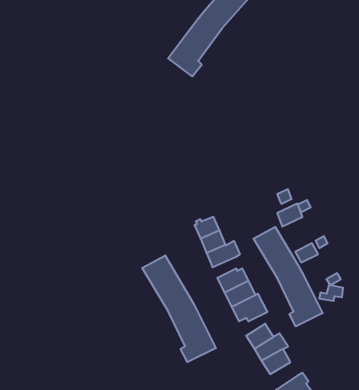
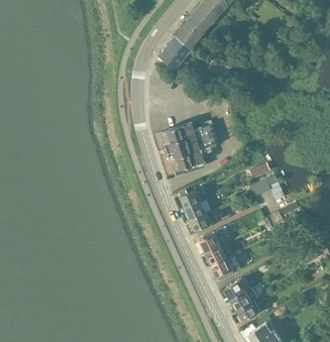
building: none -> [161,124,220,175]
building: [254,227,323,326] -> none
building: [142,255,216,362] -> none

